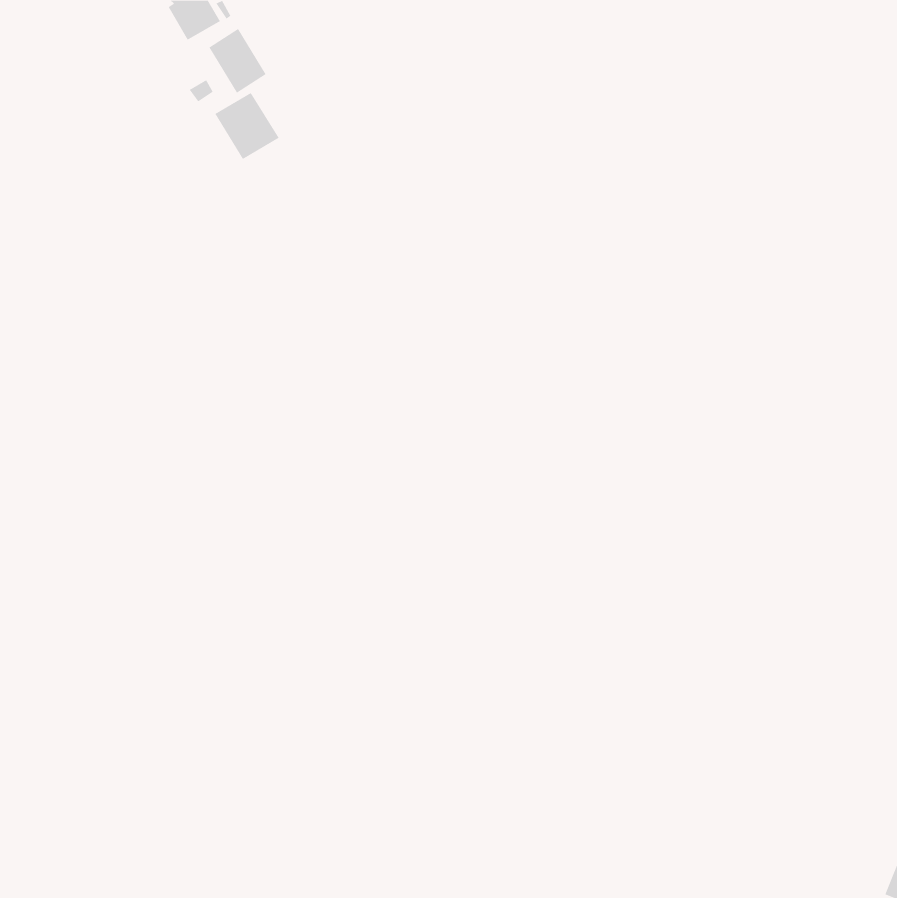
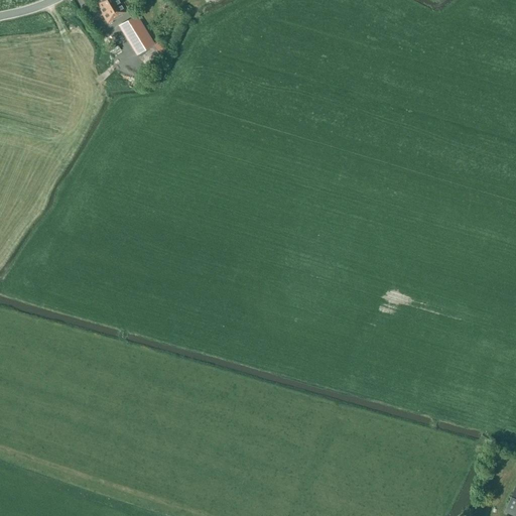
building: [214,92,279,160] -> none

